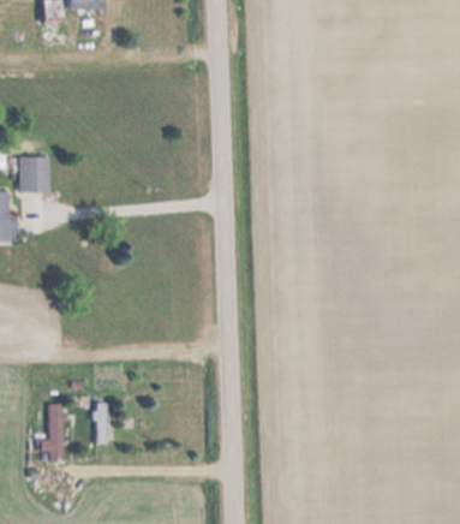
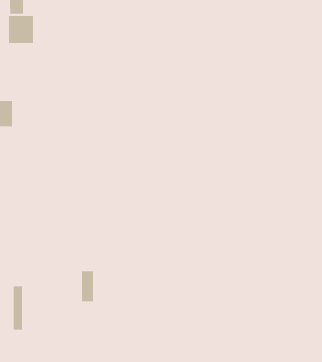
building: none -> [9,15,33,44]
building: [94,401,110,442] -> [81,271,94,302]

